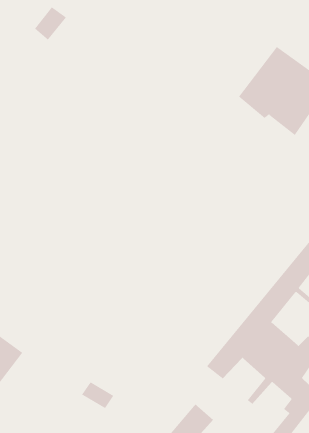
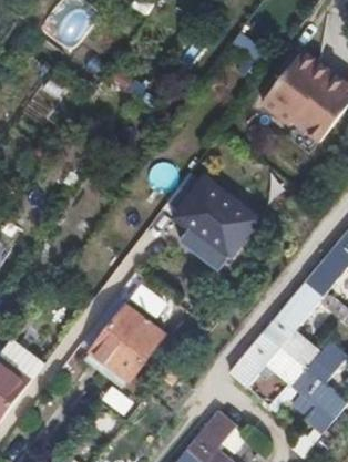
building: none -> [173,177,256,257]
building: none -> [79,296,165,379]

